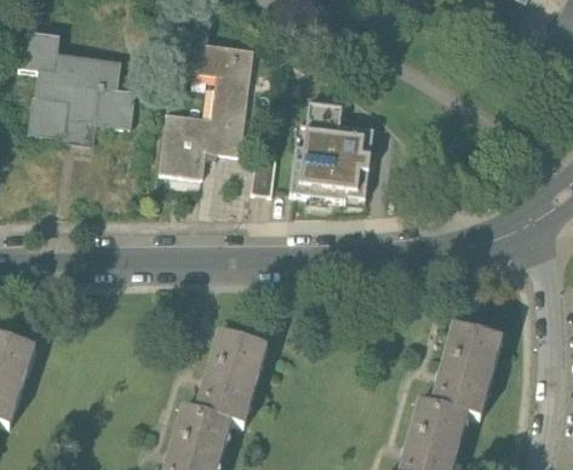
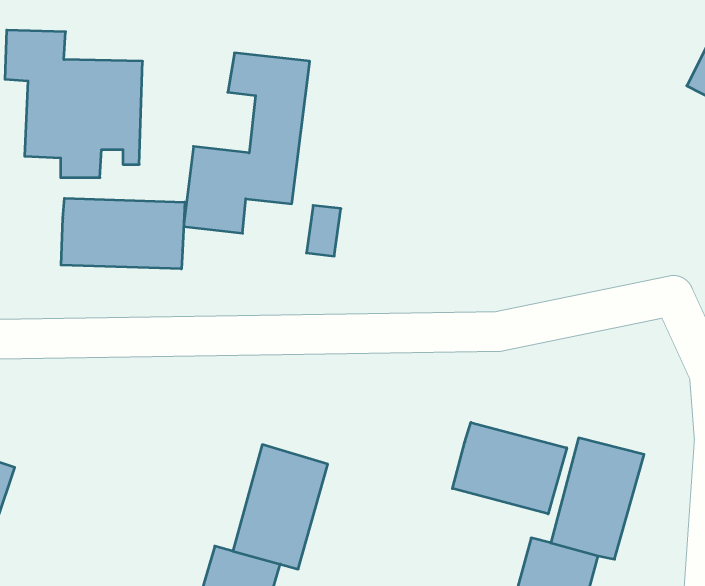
building: [288,104,372,201] -> none
building: none -> [61,198,185,269]
building: none -> [452,422,567,514]

